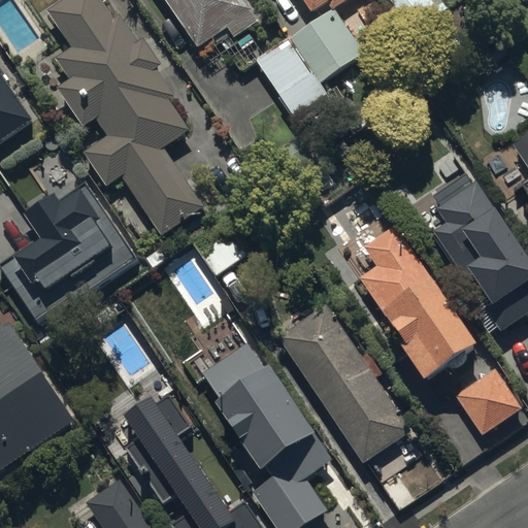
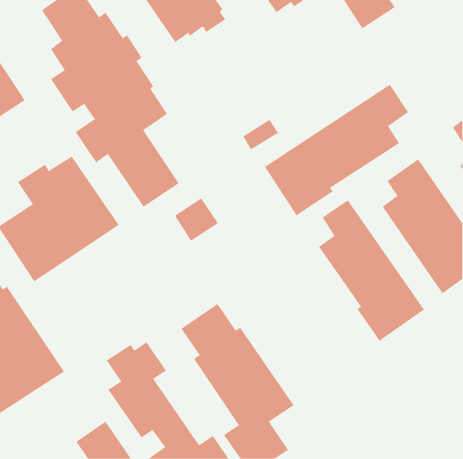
building: [254,9,363,117] -> none
building: none -> [264,84,409,216]
building: [275,305,411,465] -> none
building: [454,368,520,434] -> none

